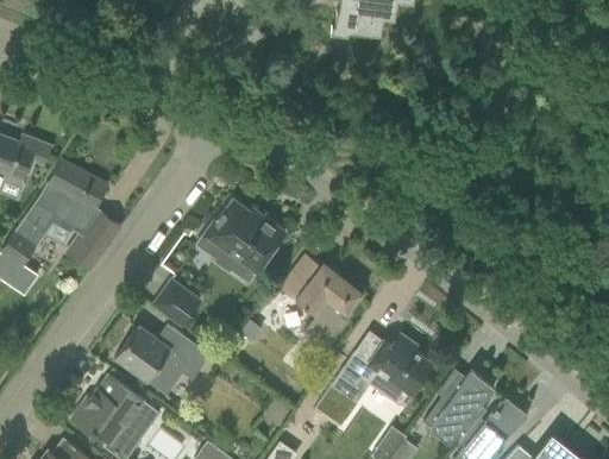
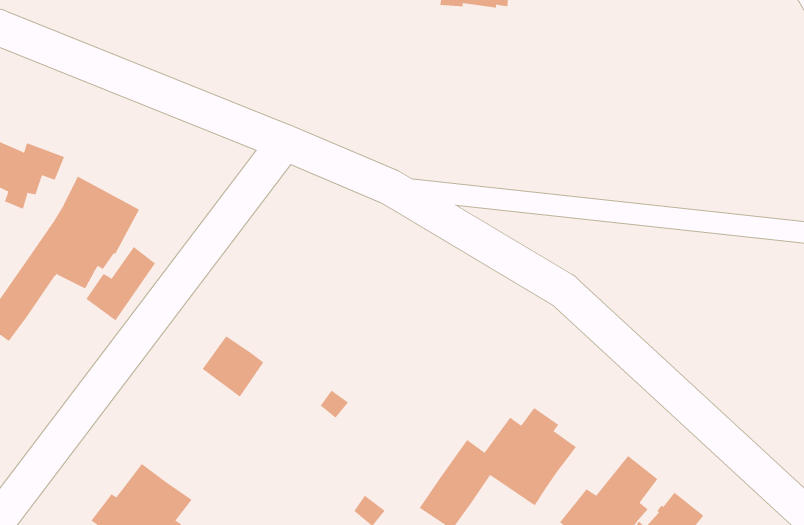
building: [202,199,284,284] -> none
building: [280,253,362,344] -> none
building: [113,323,209,395] -> none

